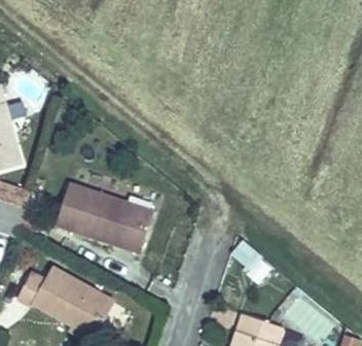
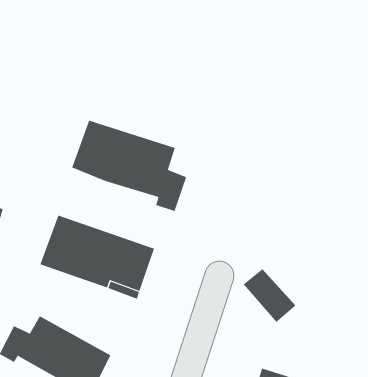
building: none -> [71,120,187,212]

